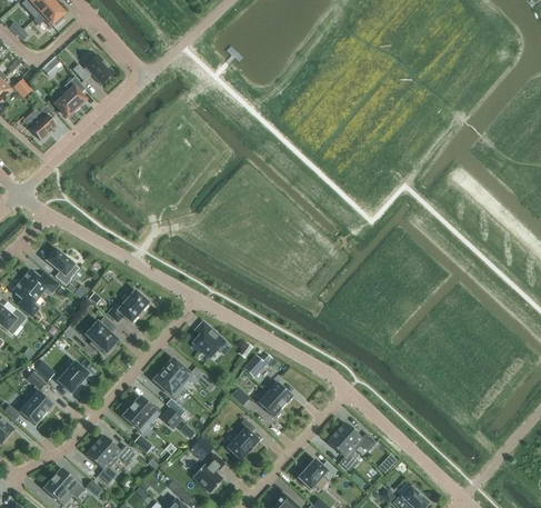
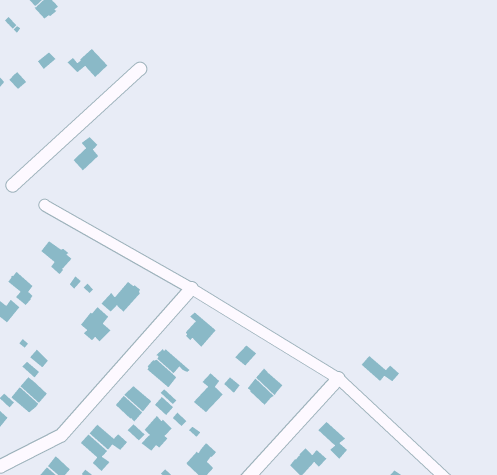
building: [56,76,86,116] -> none
building: [30,104,57,140] -> [73,136,99,171]
building: [21,270,58,296] -> none
building: [58,361,88,392] -> none
building: [227,418,258,459] -> [193,372,224,413]
building: [335,422,375,450] -> [361,355,400,382]
building: none -> [141,415,172,452]

